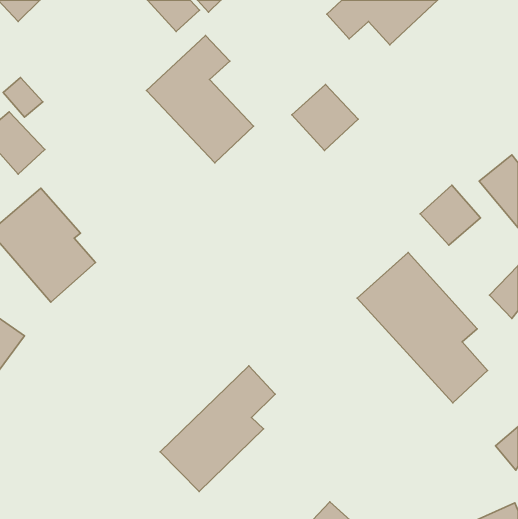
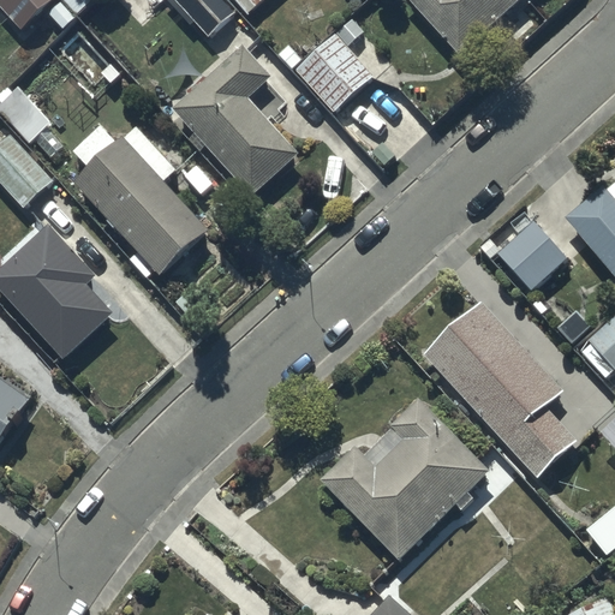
building: [292,84,358,151] -> [295,34,374,112]
building: none -> [73,125,208,271]
building: none -> [320,395,489,559]
building: [160,366,275,492] -> none

